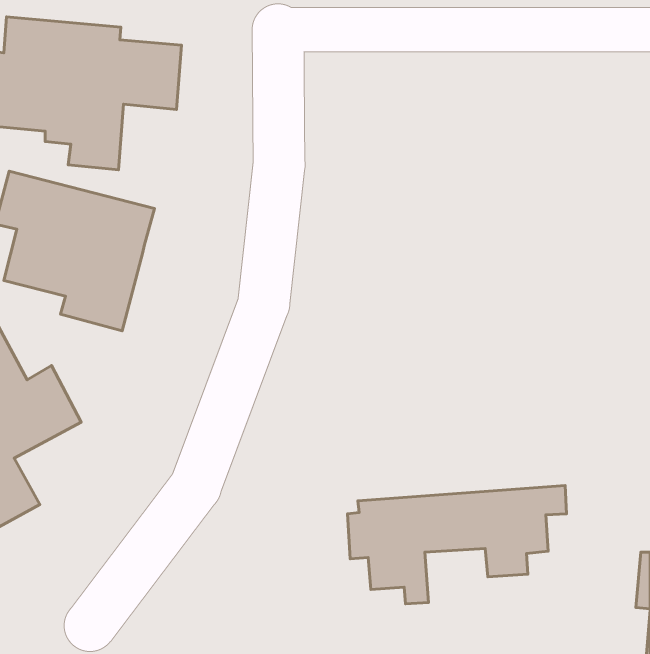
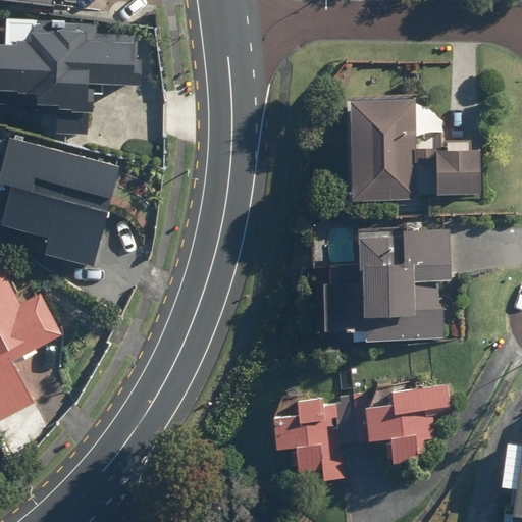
building: none -> [346,96,479,200]
building: none -> [316,229,450,347]

